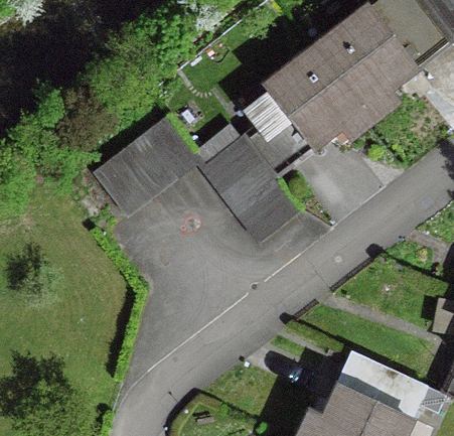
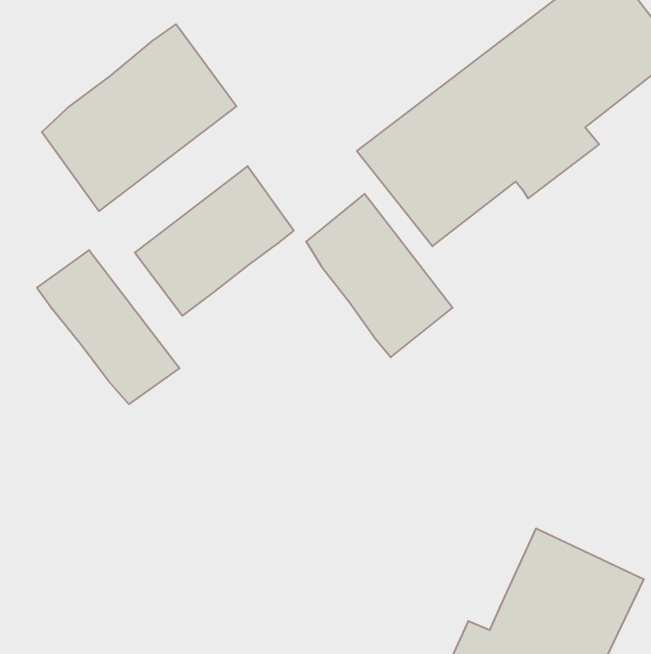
building: none -> [42,24,236,211]
building: none -> [37,250,179,404]

